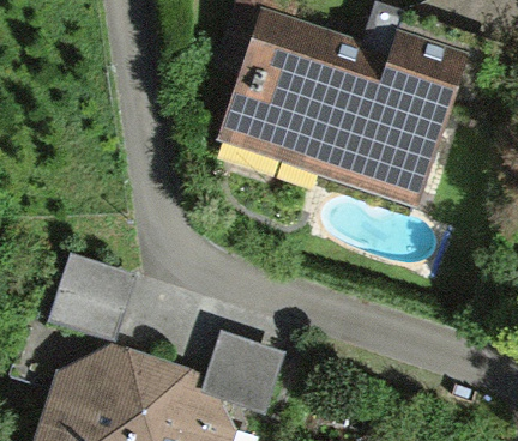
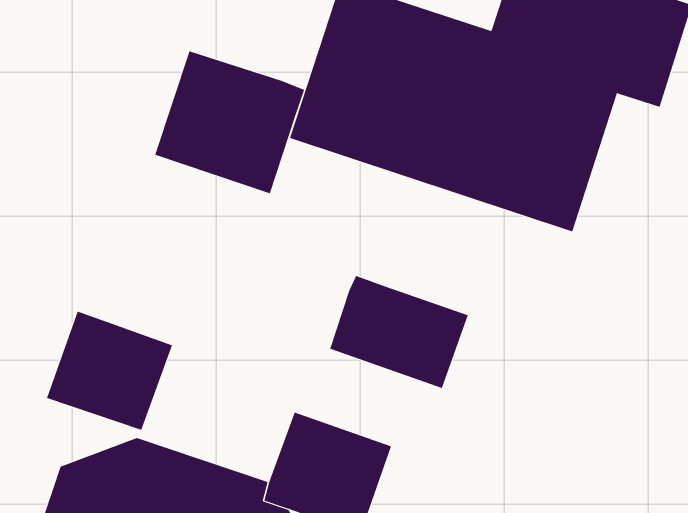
building: none -> [154,51,305,194]
building: none -> [329,275,468,389]

